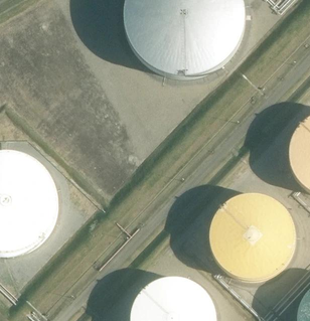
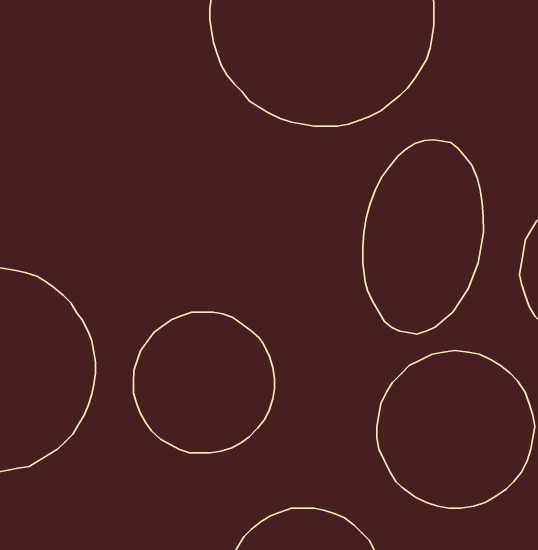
building: none -> [363,140,484,334]
building: none -> [134,312,275,453]

